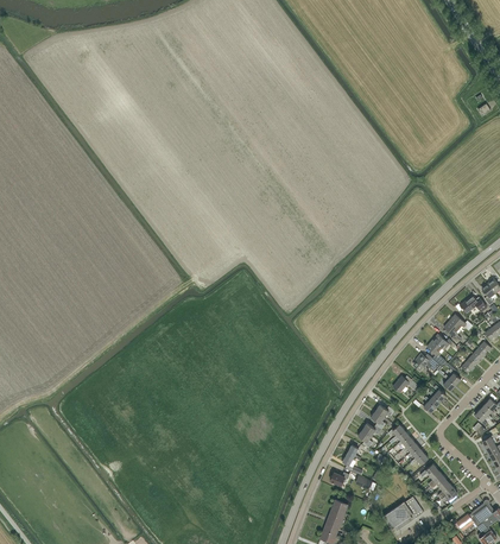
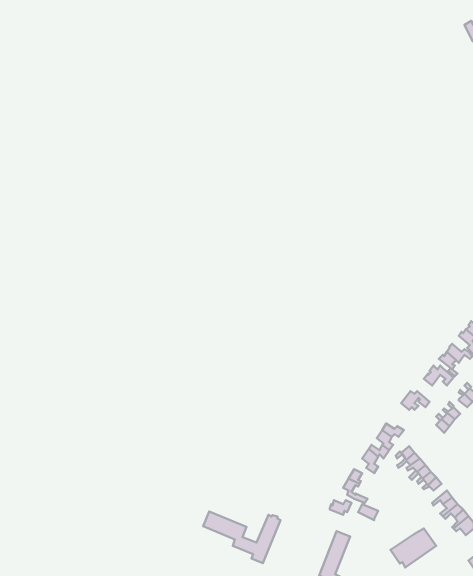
building: none -> [203,511,281,563]

